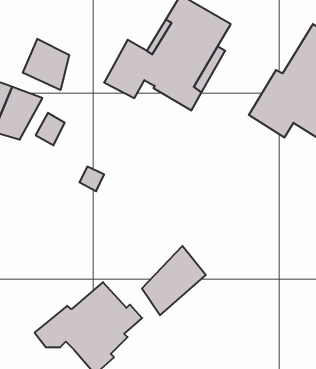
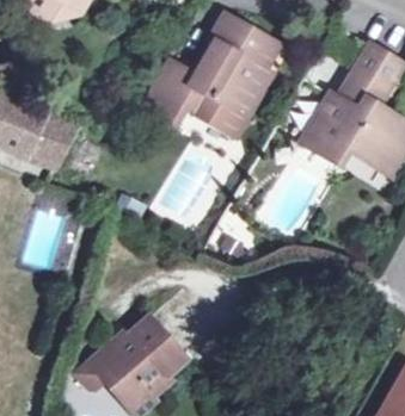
building: [23,39,69,90] -> none
building: [142,246,206,315] -> none

